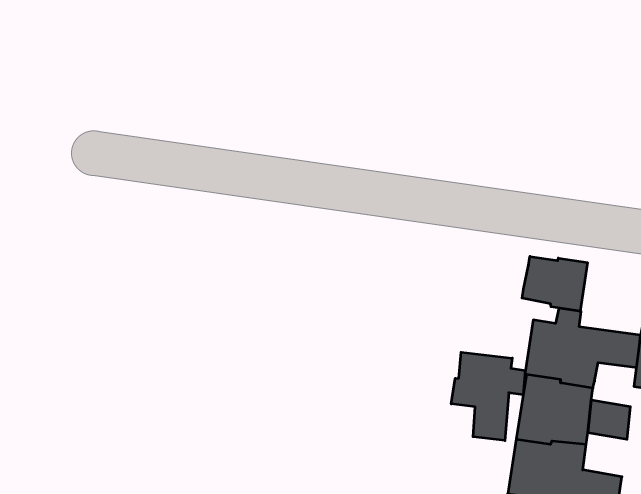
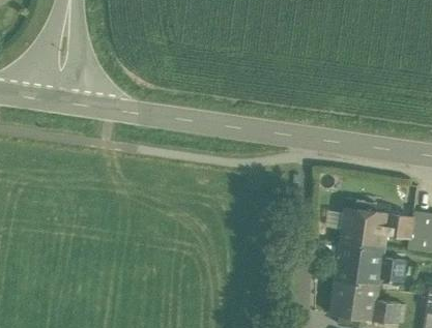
building: [522,256,587,311] -> none
building: [451,352,525,441] -> none

